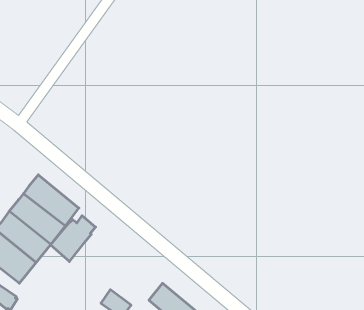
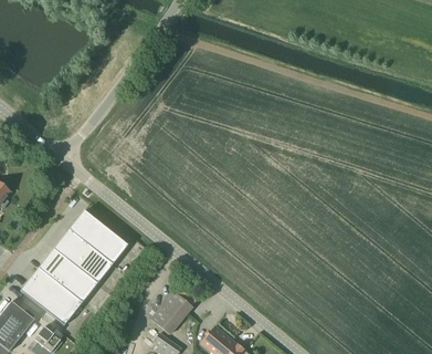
building: [51,216,96,262] -> [149,285,197,334]

